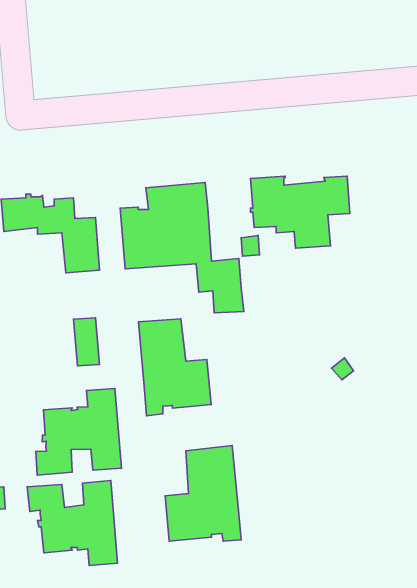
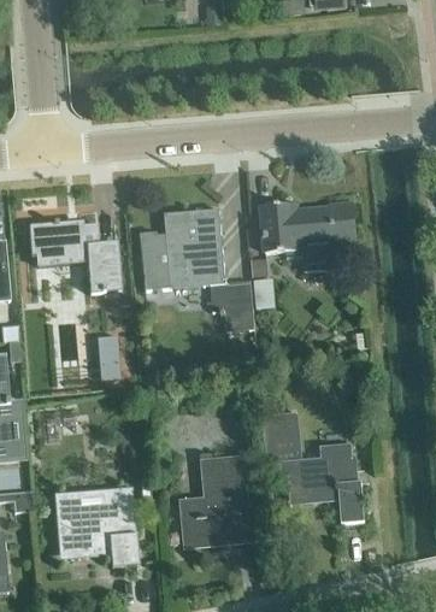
building: [138,319,211,416] -> none
building: [36,389,122,475] -> none
building: none -> [264,412,365,524]

